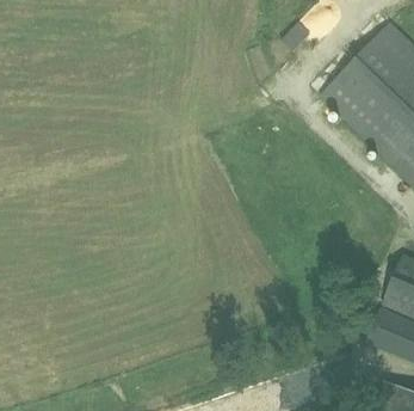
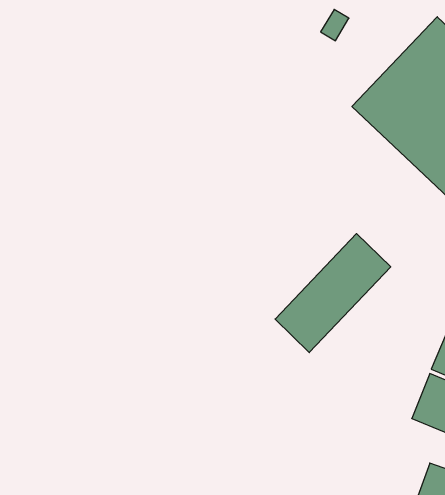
building: none -> [275,234,391,353]

